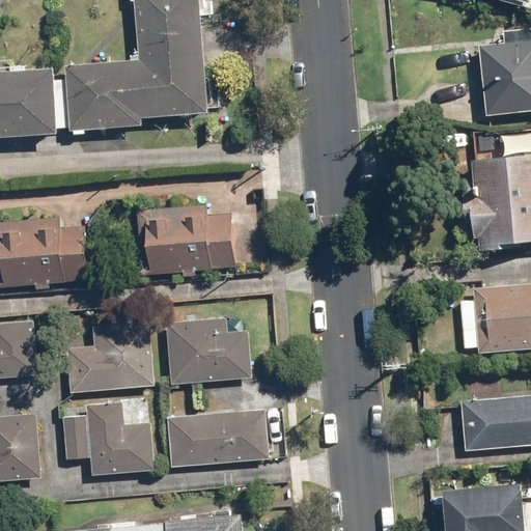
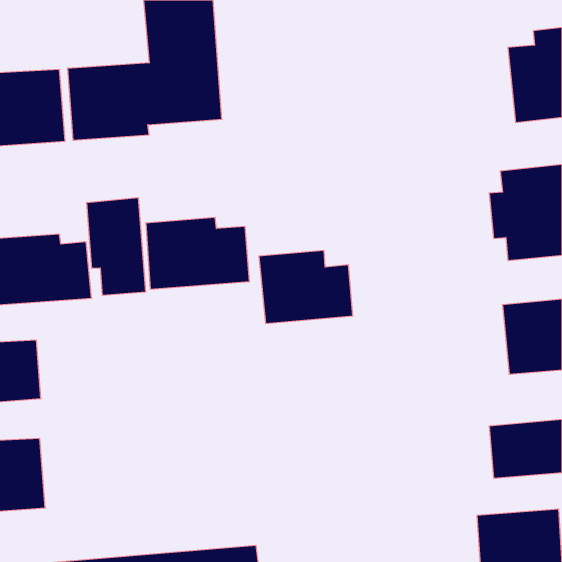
building: none -> [87,198,146,295]
building: [164,318,252,387] -> [259,251,353,323]
building: [64,323,155,394] -> none
building: [62,401,155,476] -> none
building: [168,408,270,467] -> none

